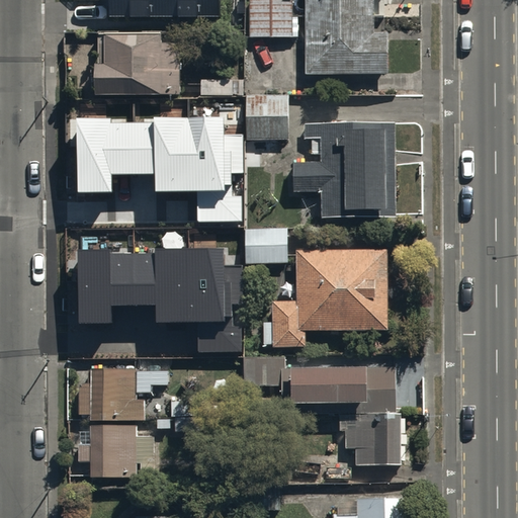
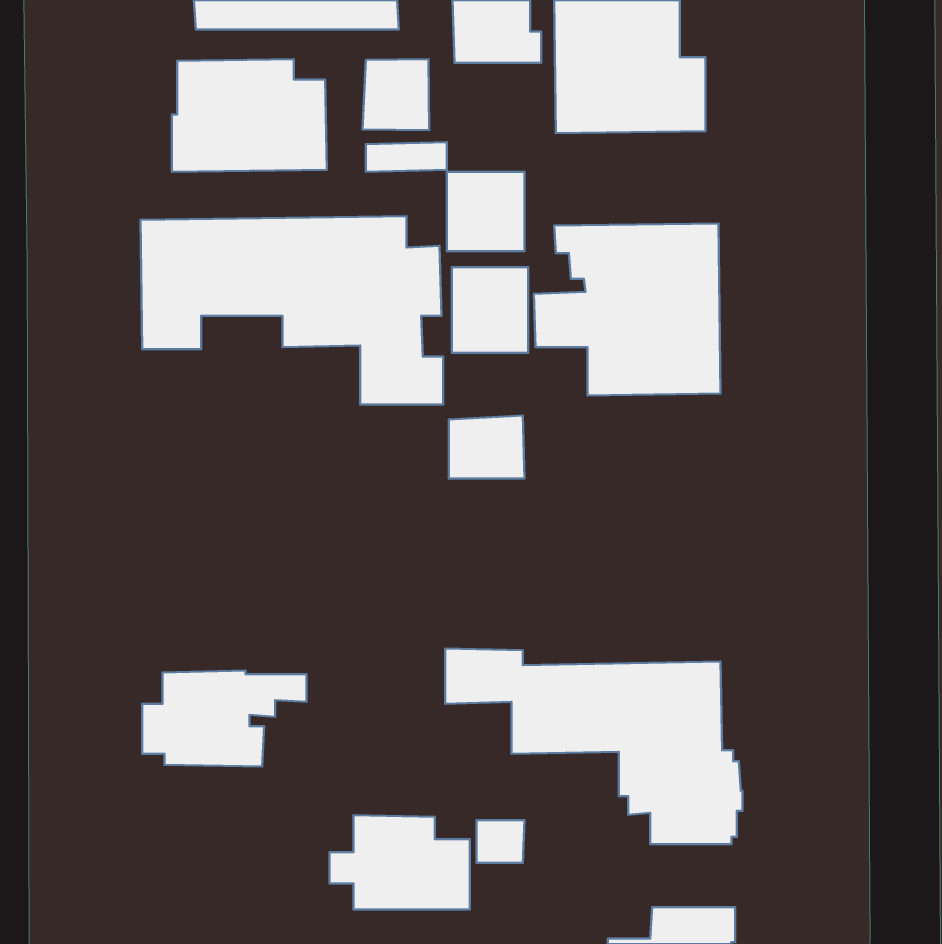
building: none -> [363,59,429,130]
building: none -> [452,267,528,353]
building: [263,247,387,345] -> none
building: [76,249,242,352] -> none
building: [78,423,155,474] -> [329,815,470,909]

